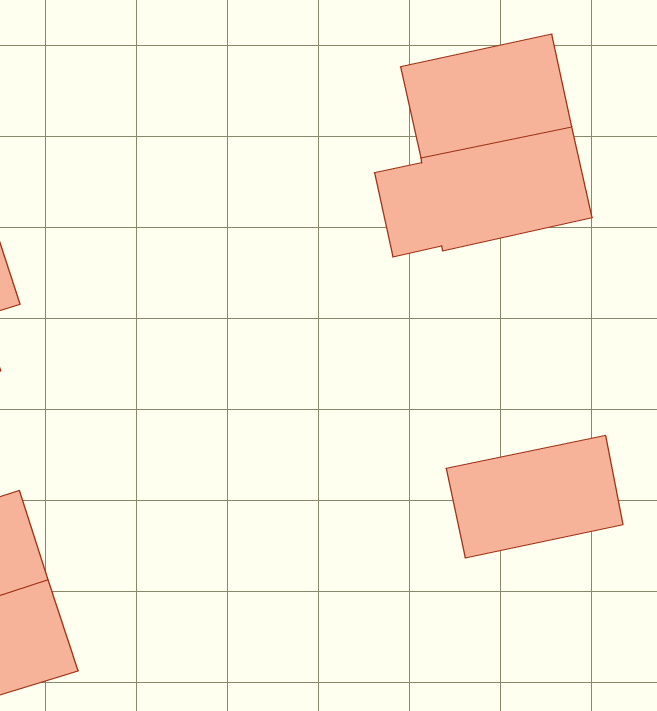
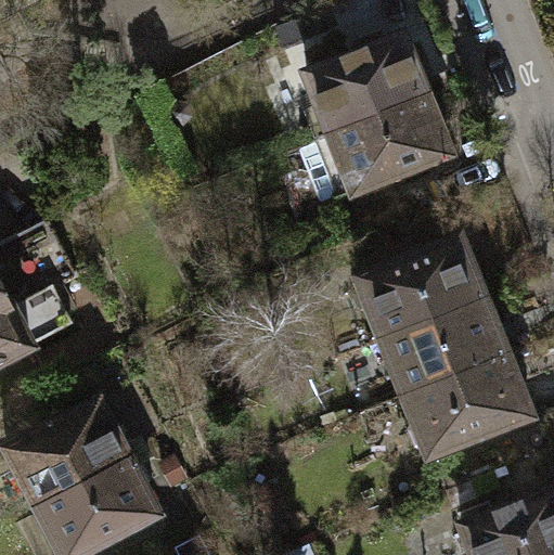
building: none -> [353,237,485,341]
building: none -> [404,359,531,460]

